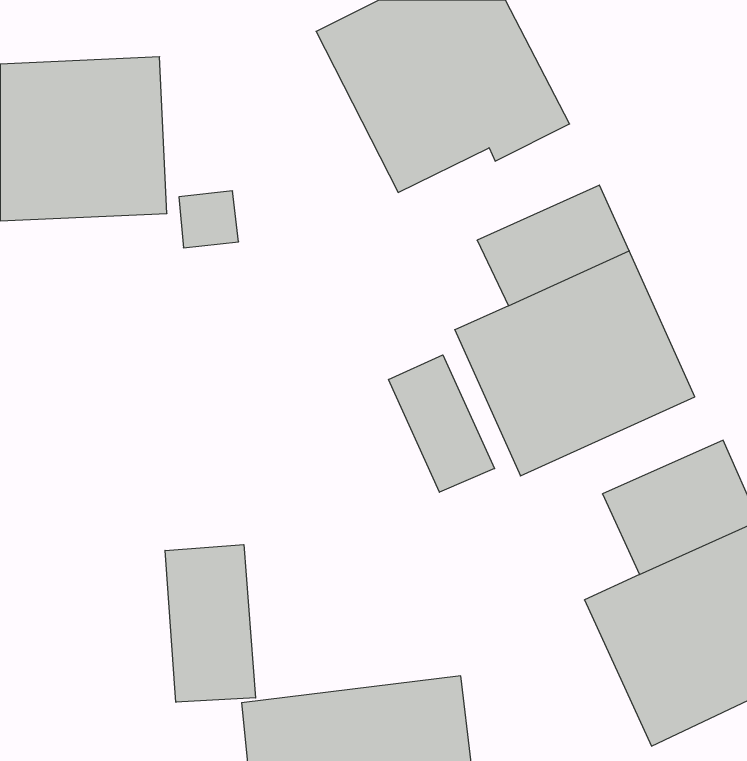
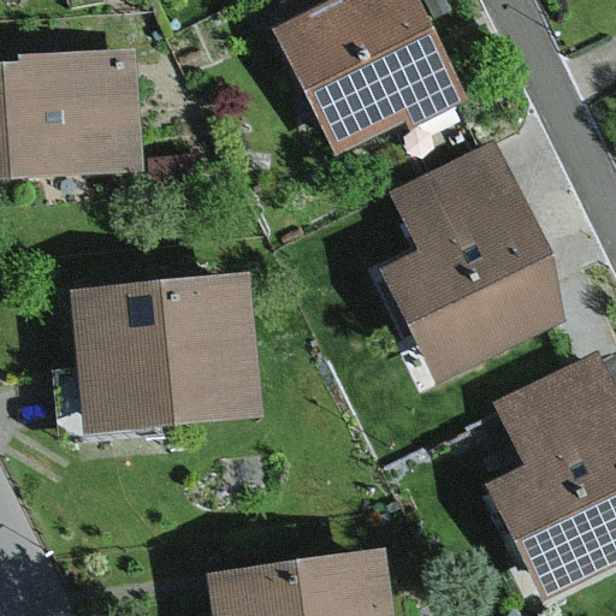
building: none -> [65,268,261,428]
building: [389,355,495,492] -> none
building: [165,545,256,702] -> none

